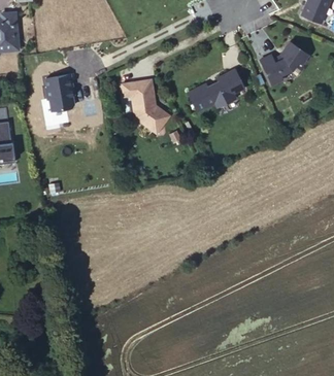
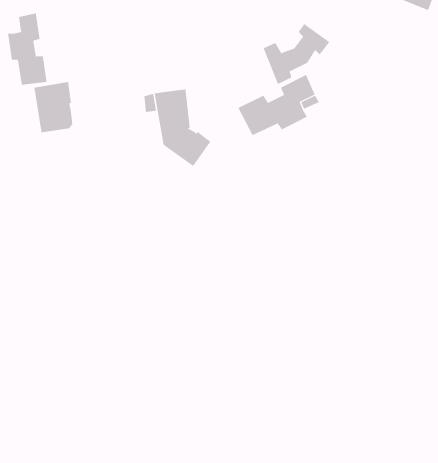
building: none -> [7,13,47,86]
building: [262,41,309,84] -> [263,23,330,85]

